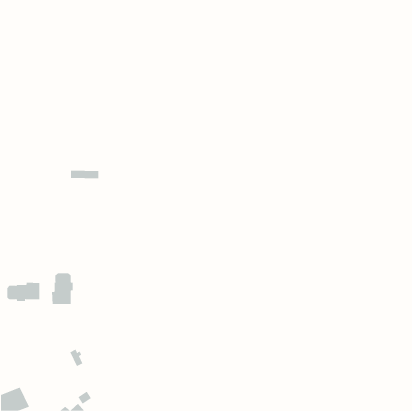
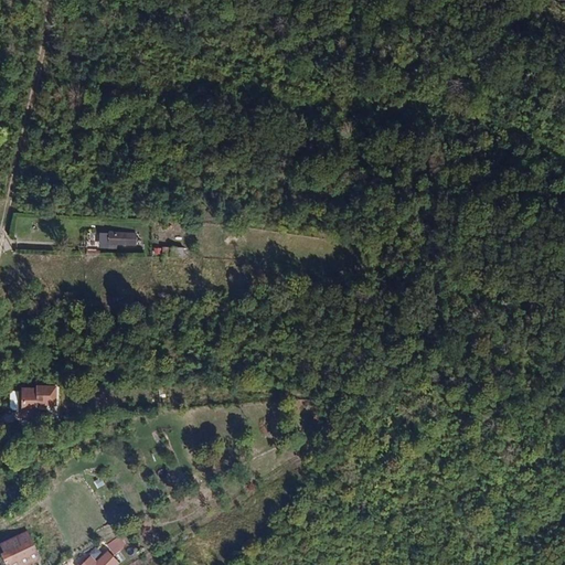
building: [51,273,73,305] -> none

